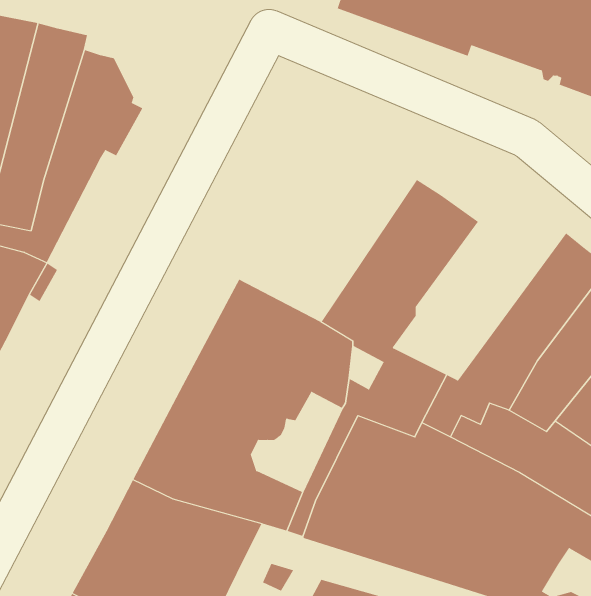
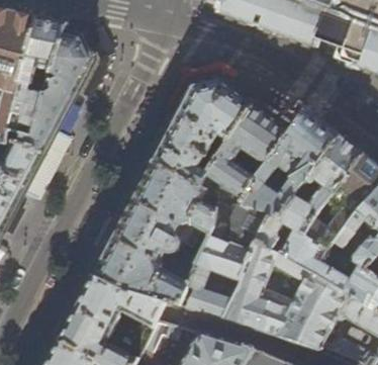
building: none -> [153,79,254,185]
building: none -> [241,107,339,218]

